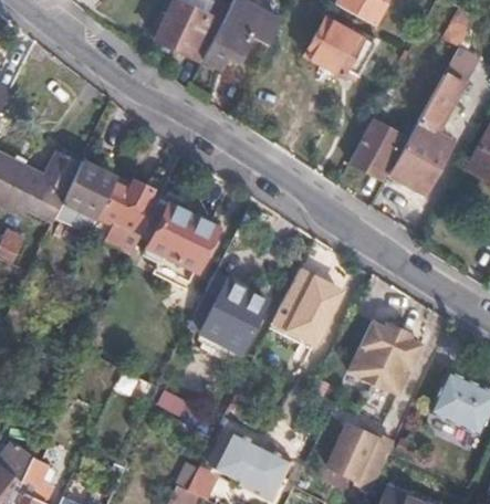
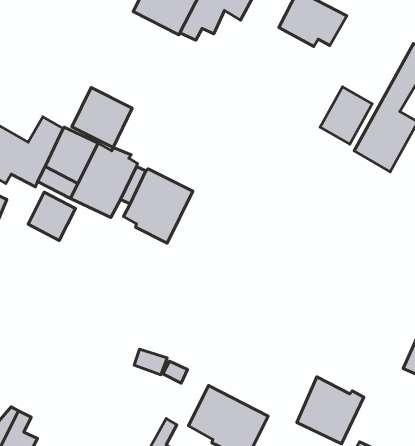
building: none -> [72,88,132,147]
building: none -> [28,192,75,240]
building: [273,267,346,345] -> none
building: [200,270,270,349] -> none
building: [347,318,423,395] -> none

